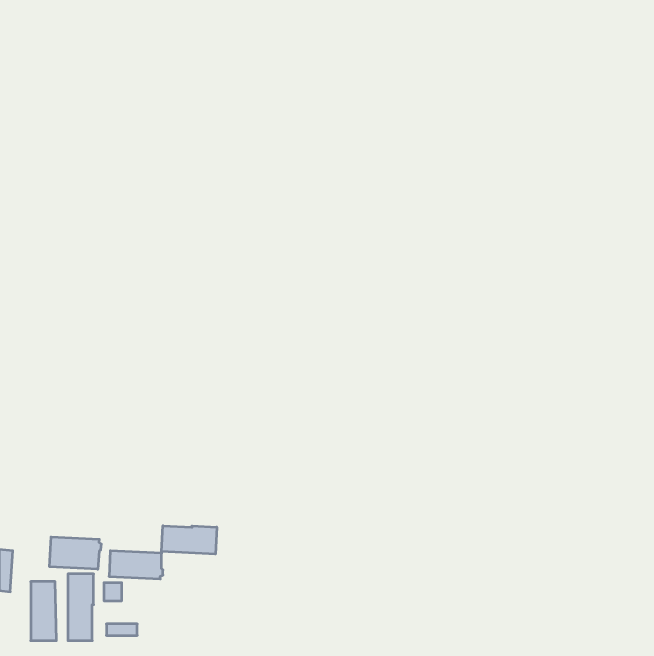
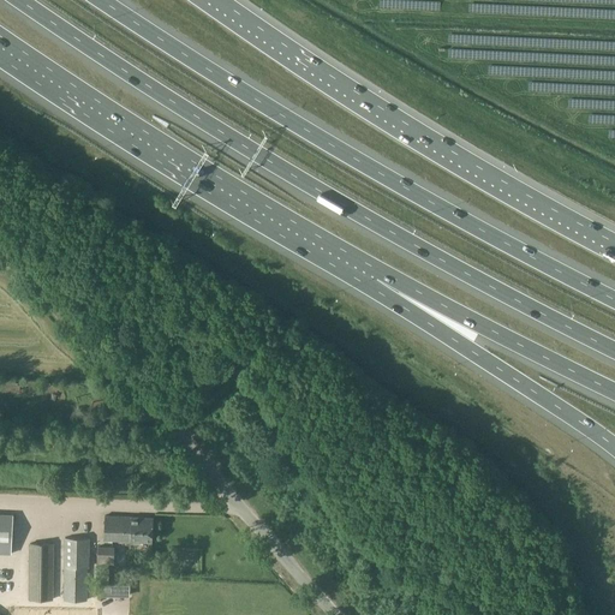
building: [162,526,217,554] -> none
building: [50,537,101,569] -> none

